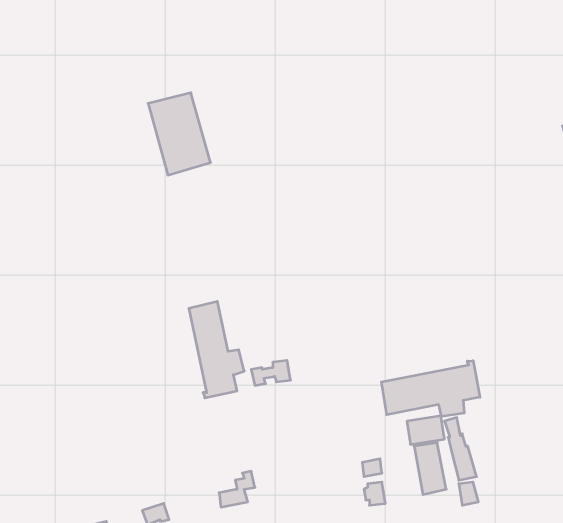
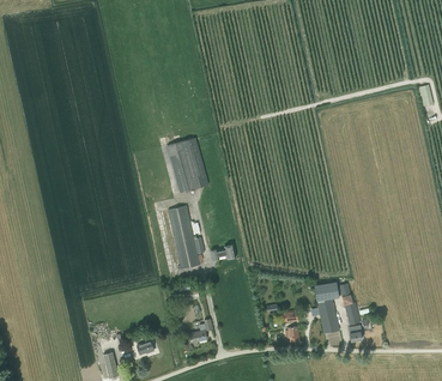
building: [148,93,211,175] -> [164,138,206,193]
building: [381,361,480,417] -> none

